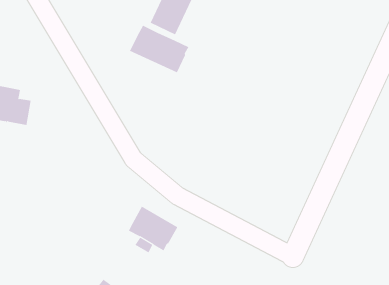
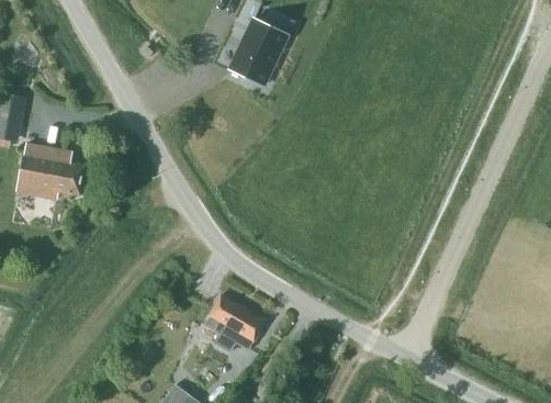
building: [129,25,189,73] -> none

